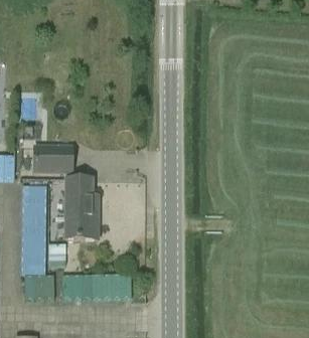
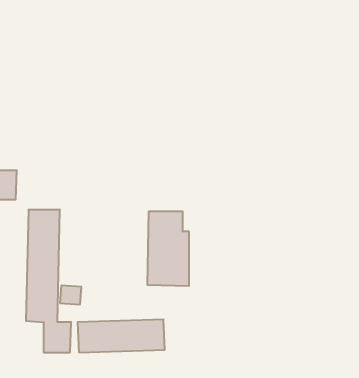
building: [33,145,71,172] -> none
building: [64,178,98,237] -> [147,211,189,286]

